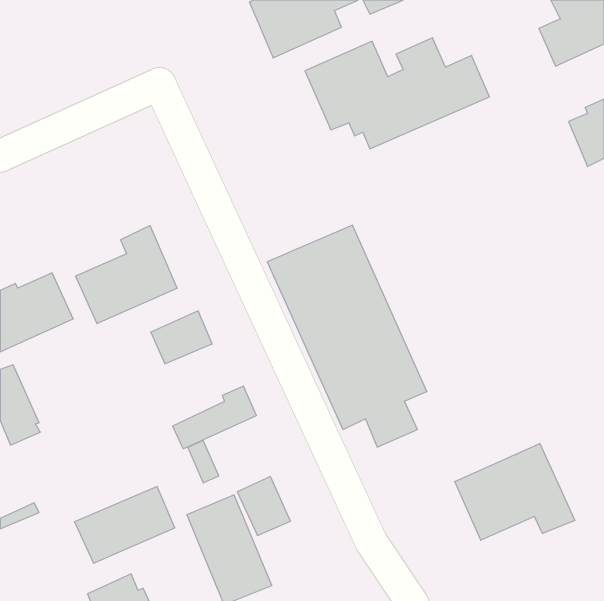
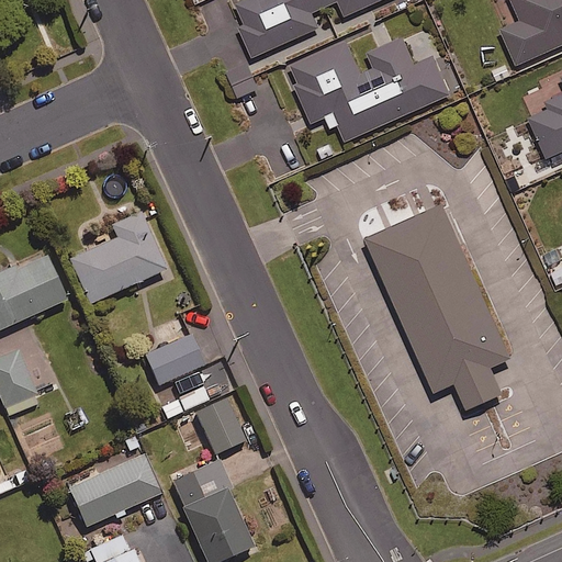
building: [267,225,427,447] -> [362,202,510,408]
building: [151,311,212,364] -> [146,336,203,385]
building: [455,443,575,540] -> none
building: [237,476,290,535] -> [196,398,246,453]

